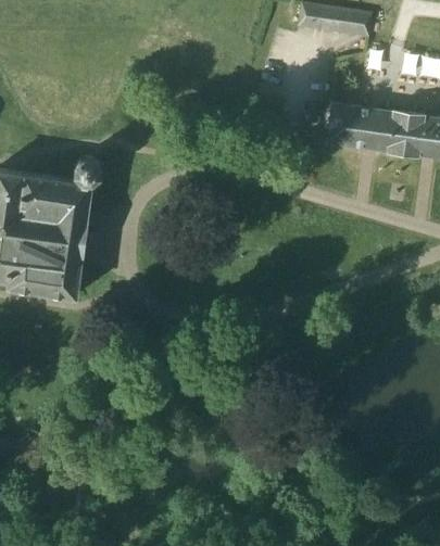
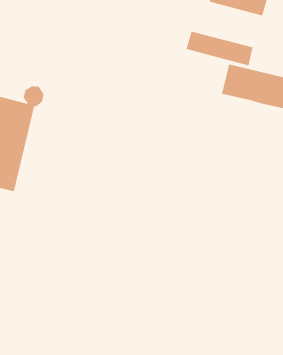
building: none -> [186,31,253,66]

